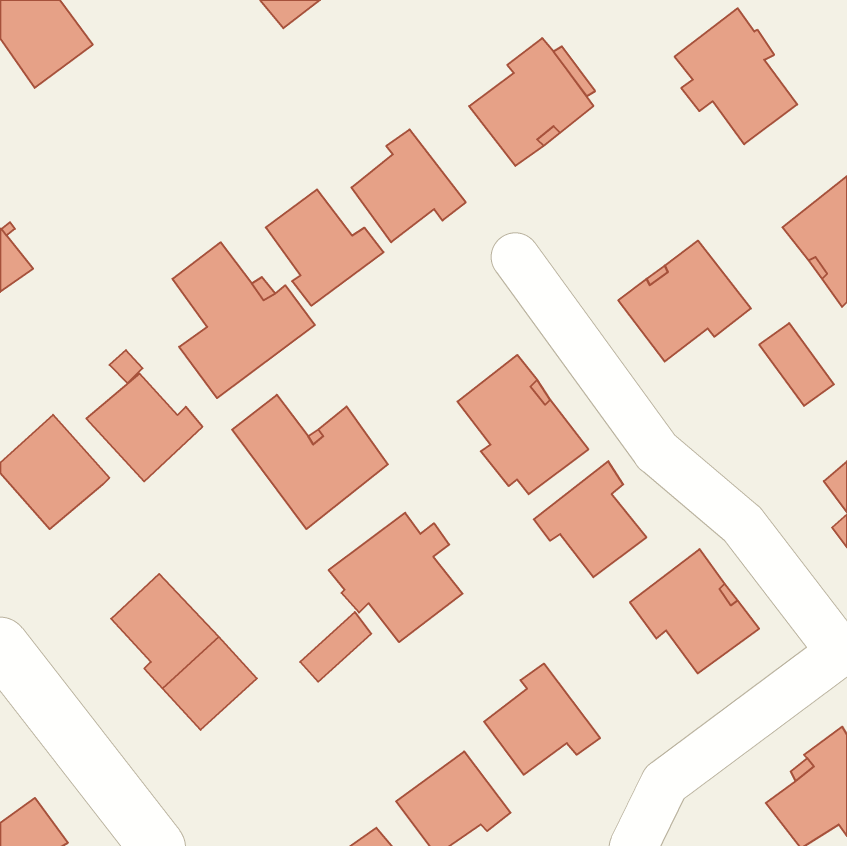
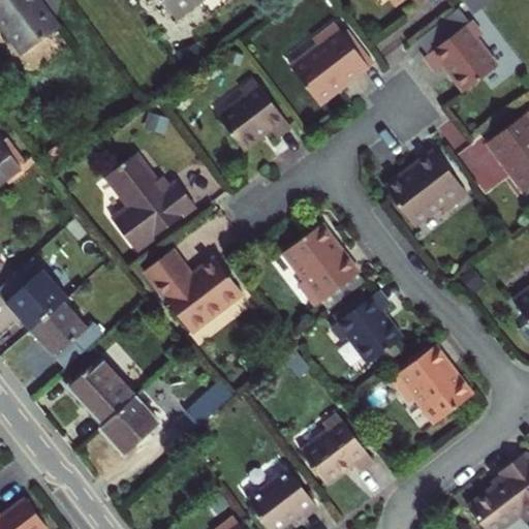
building: [266,189,384,306] -> none
building: [759,323,834,406] -> [461,141,507,192]
building: [86,374,202,481] -> [31,303,103,370]
building: [329,513,463,642] -> none

